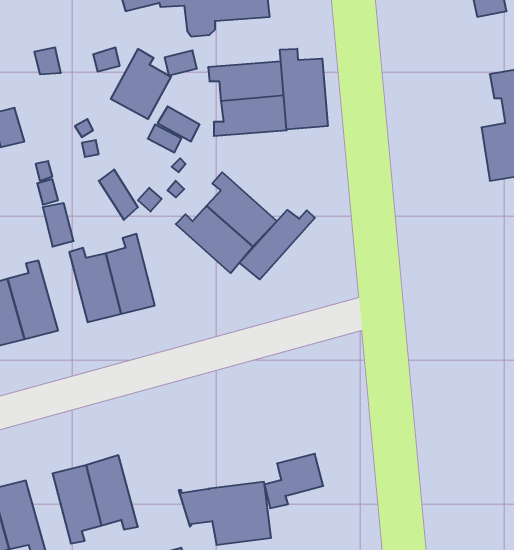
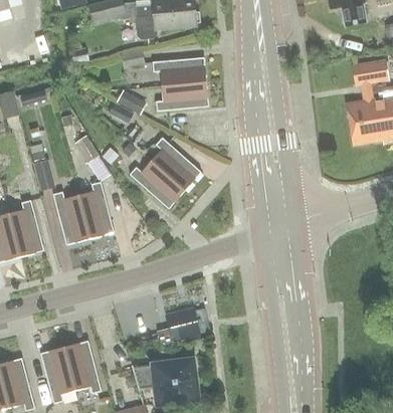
building: [280,49,328,130] -> none
building: [111,49,171,119] -> none
building: [239,210,315,279] -> none
building: [264,454,323,508] -> [157,311,199,350]

